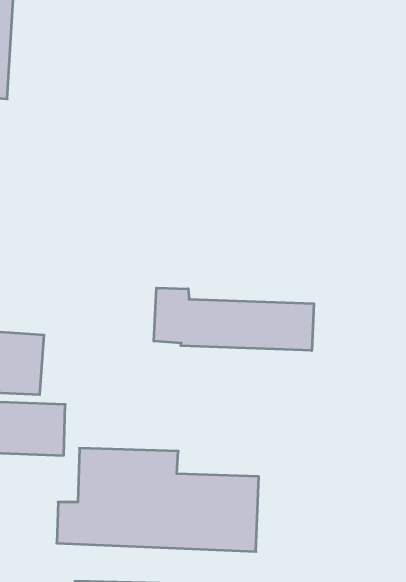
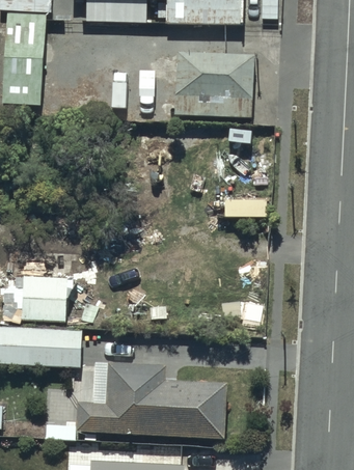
building: none -> [174,52,252,116]
building: [154,288,314,351] -> none

